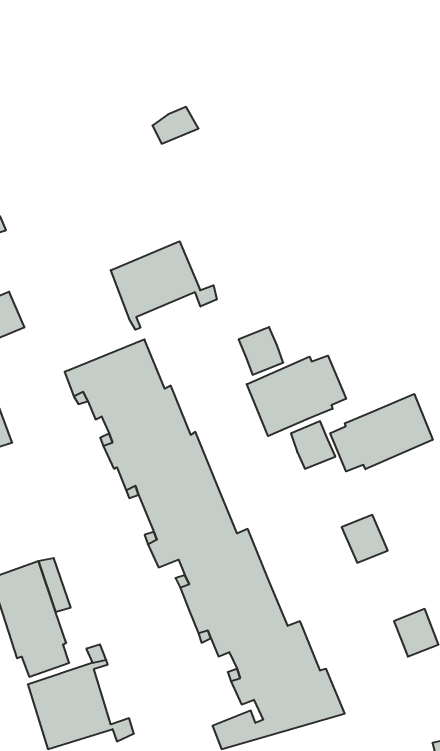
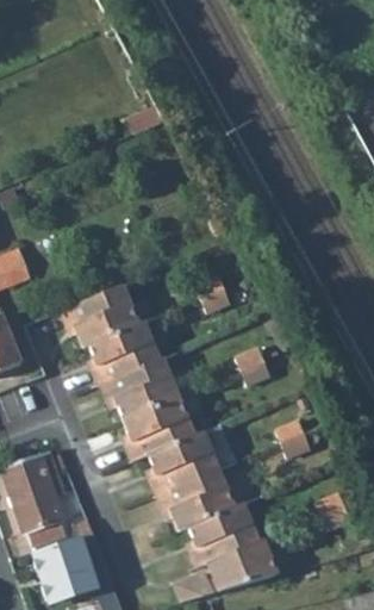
building: [111,241,217,330] -> none
building: [247,356,346,436] -> none
building: [330,394,433,471] -> none

